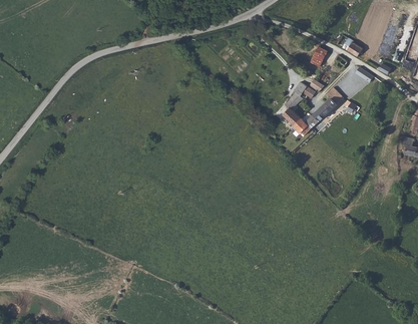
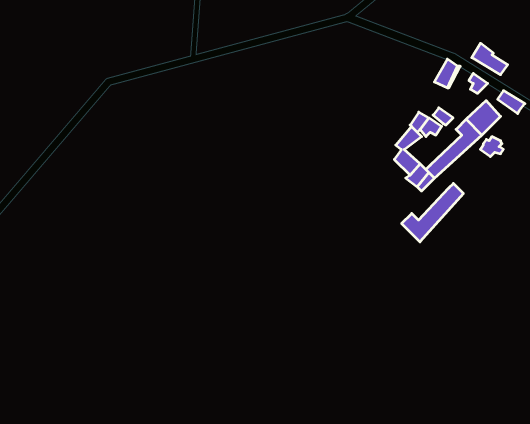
building: none -> [402,183,463,242]

